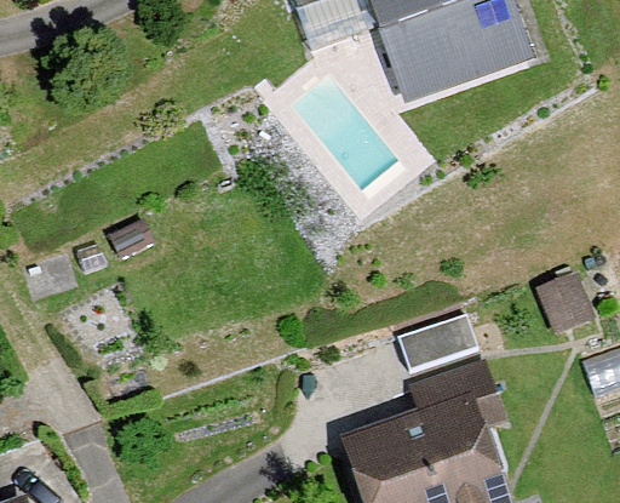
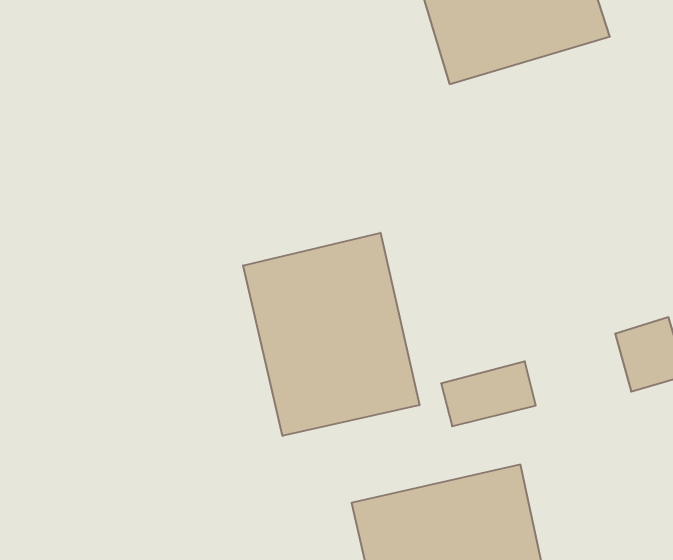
building: none -> [243,233,419,436]

